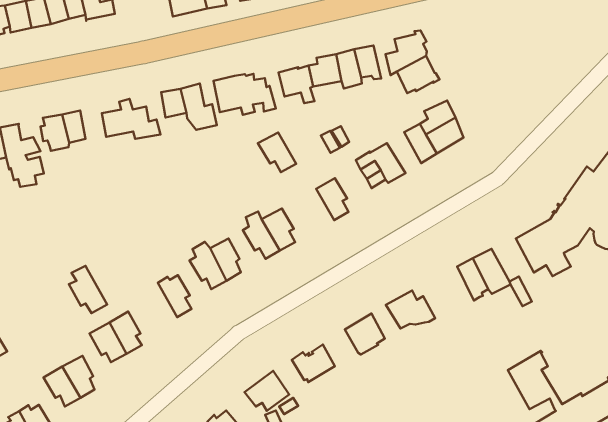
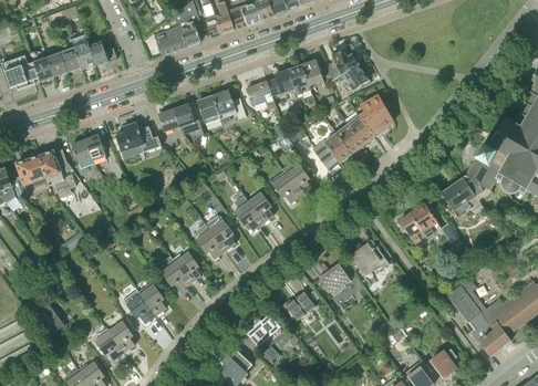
building: none -> [328,121,362,154]
building: [258,132,296,172] -> [270,174,301,204]
building: [69,266,107,313] -> [159,255,190,291]

